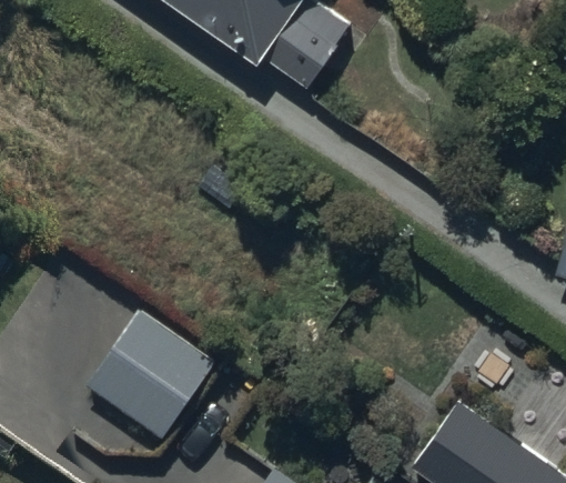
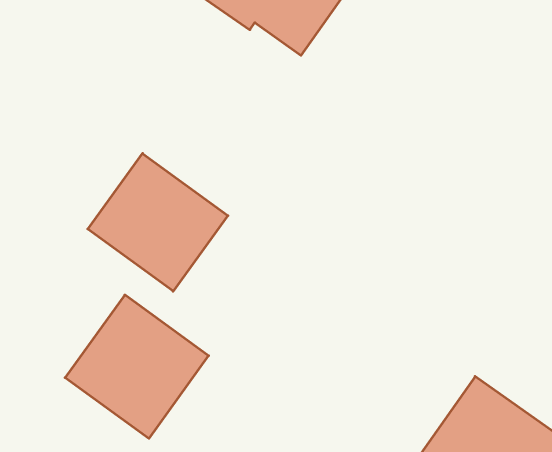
building: none -> [88,153,228,291]

